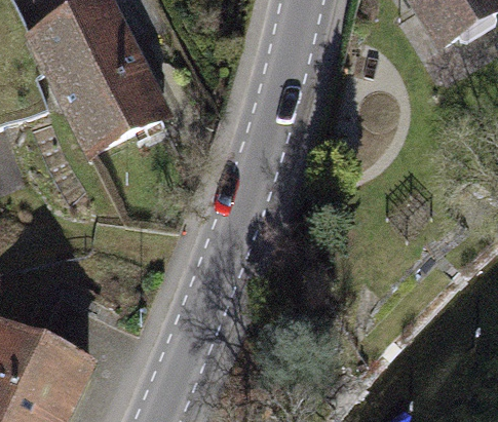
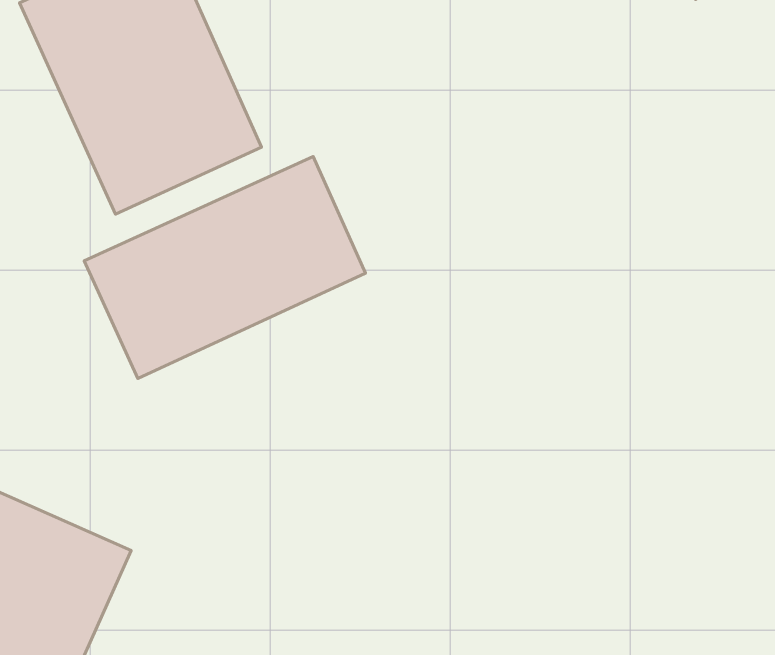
building: none -> [84,156,366,378]

